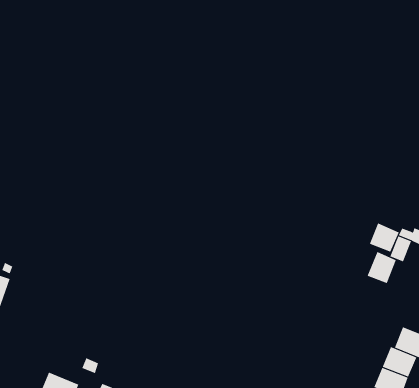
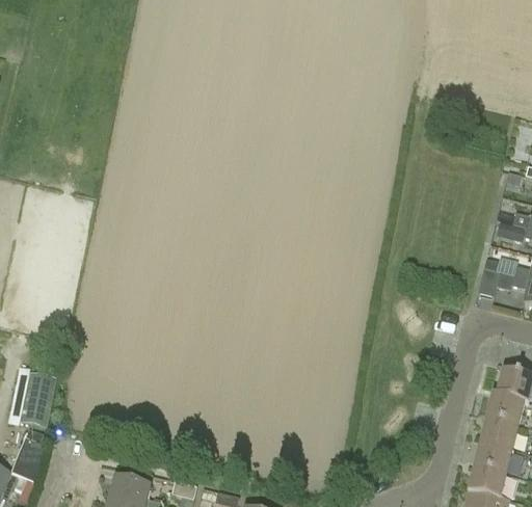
building: [369,222,399,253] -> none
building: [367,251,397,285] -> none

